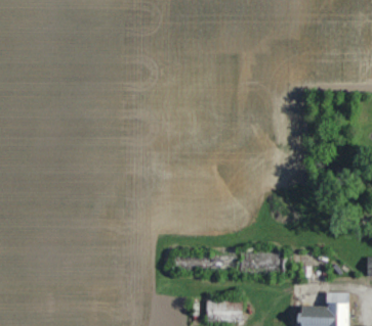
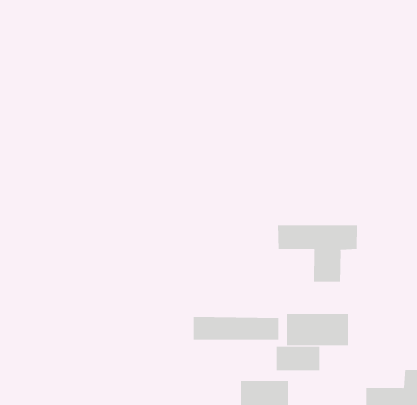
building: none -> [277,224,358,282]
building: none -> [276,346,320,371]

